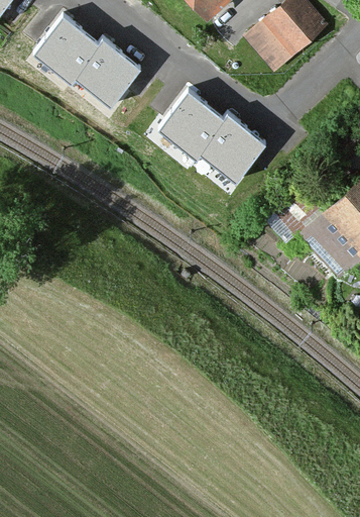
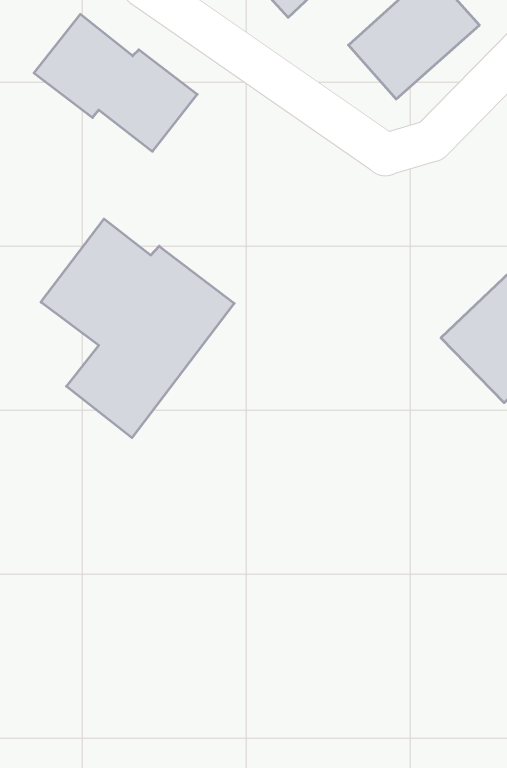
building: [162,91,269,181] -> none
building: none -> [41,219,234,438]

